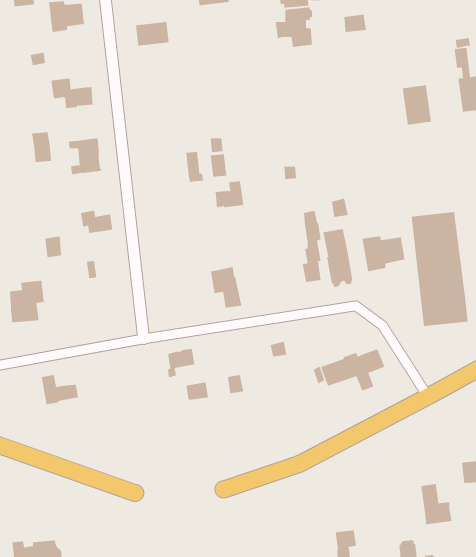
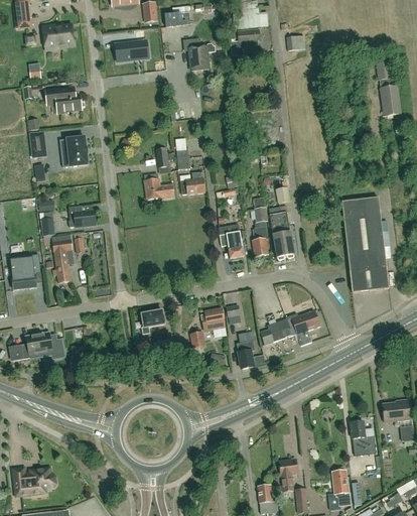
building: none -> [188,44,215,70]
building: [402,85,431,126] -> none
building: none -> [144,172,173,199]
building: [362,236,405,272] -> none
building: none -> [51,234,72,282]
building: [210,267,242,308] -> [218,223,244,257]
building: none -> [204,306,226,336]
building: none -> [21,333,41,358]
building: none -> [236,340,255,368]

